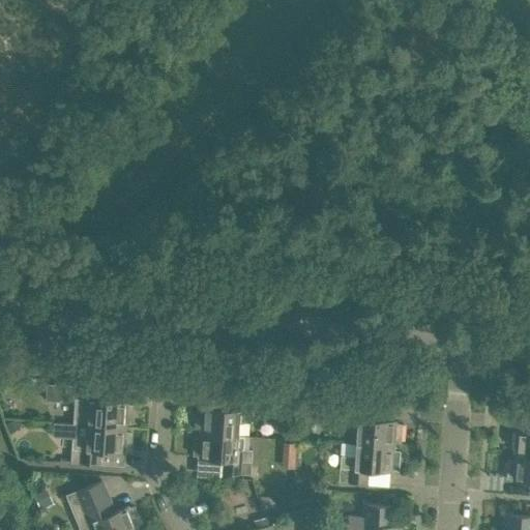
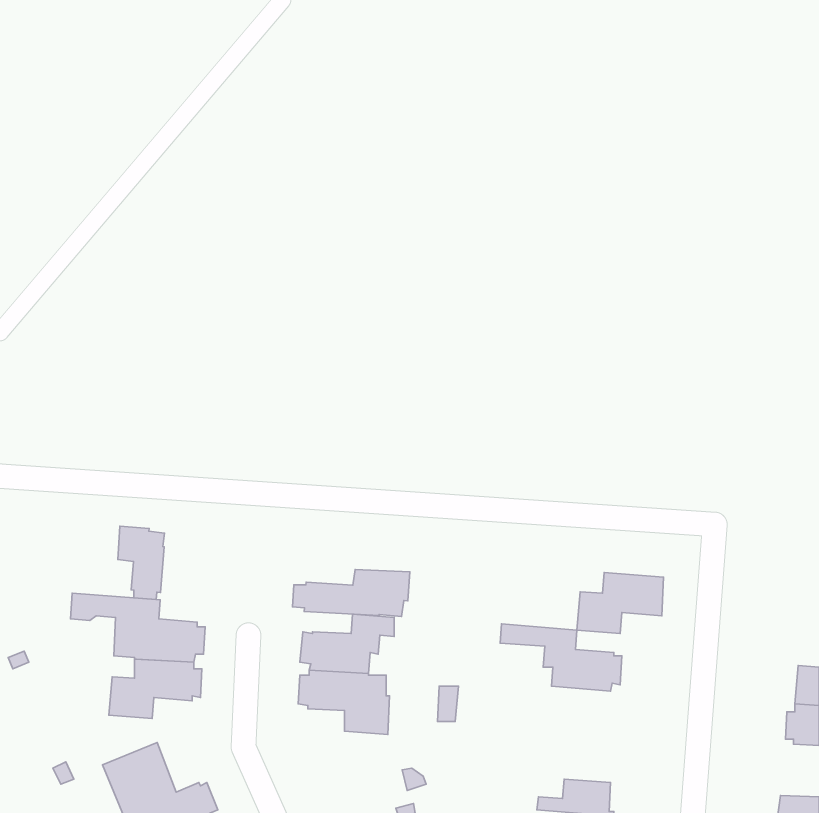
building: none -> [118,526,165,599]
building: none -> [292,569,410,616]
building: [338,447,394,487] -> [577,572,664,633]

